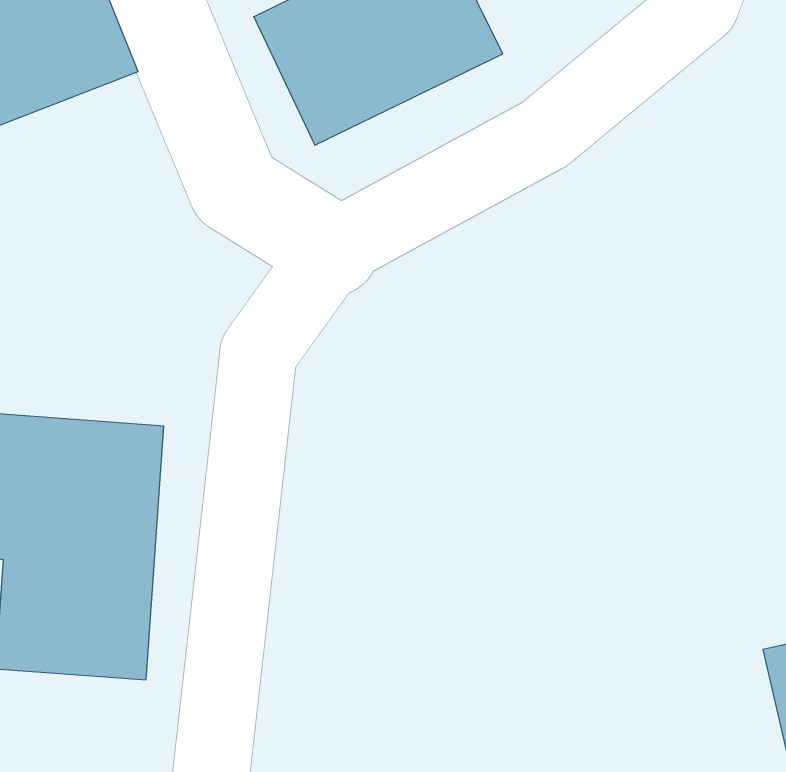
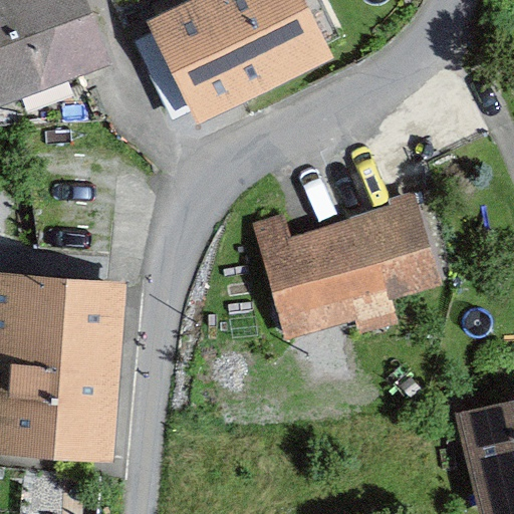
building: none -> [254,205,440,338]

